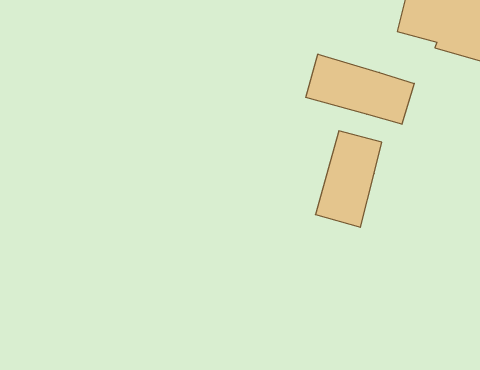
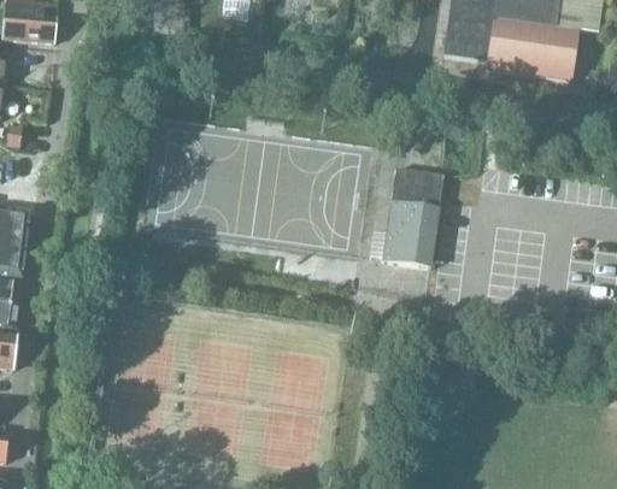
building: [306,54,414,124] -> none

